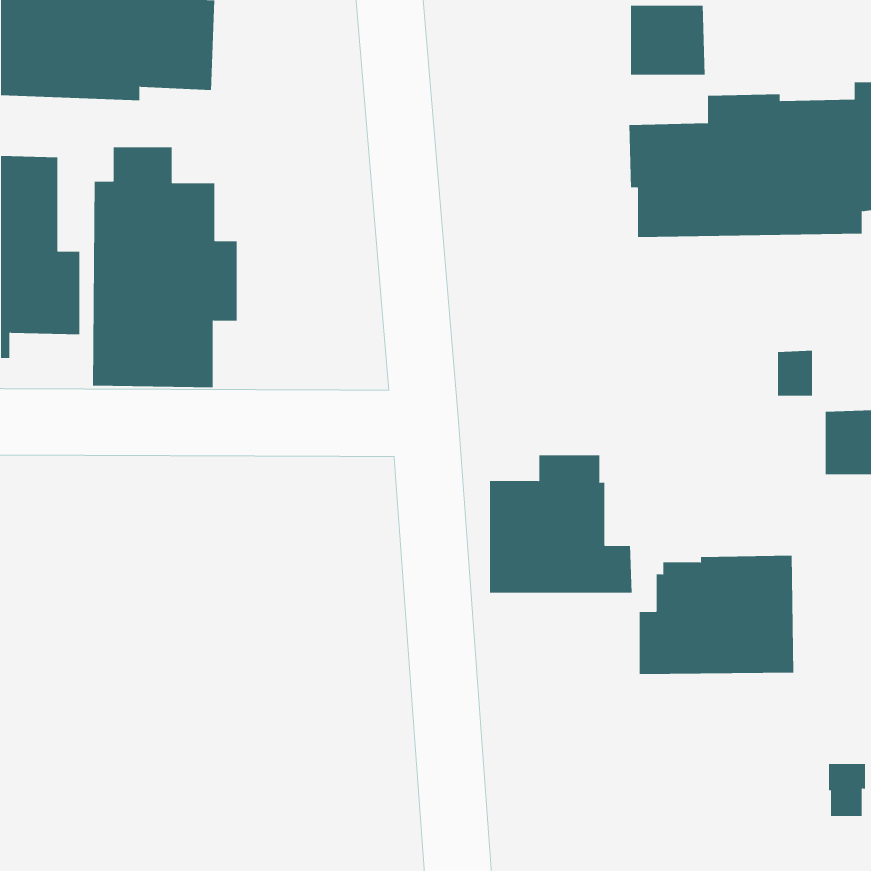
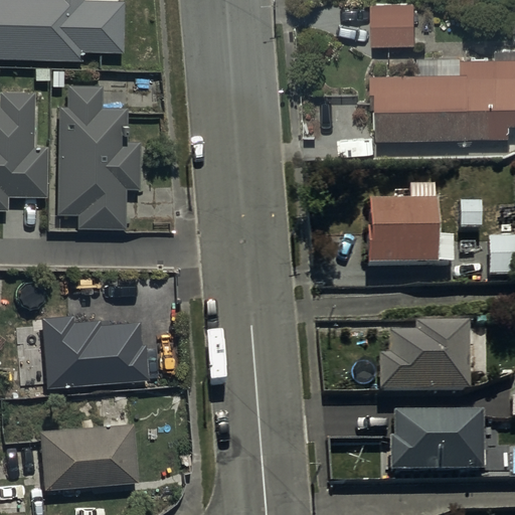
building: [489,455,633,593] -> [367,189,452,271]
building: none -> [24,315,148,395]
building: none -> [387,416,483,477]
building: none -> [38,422,138,490]

